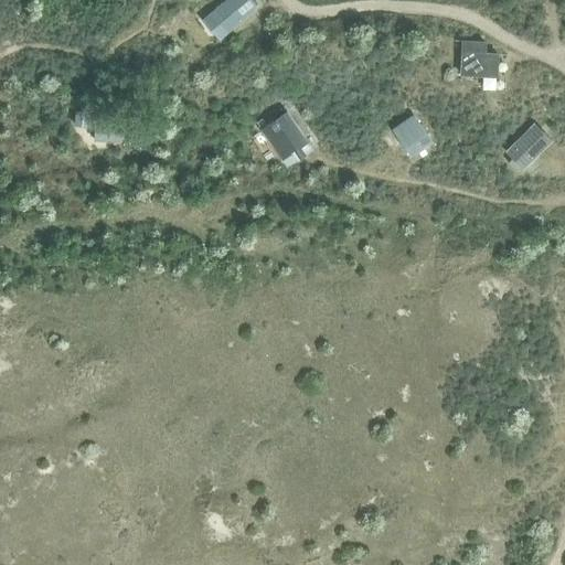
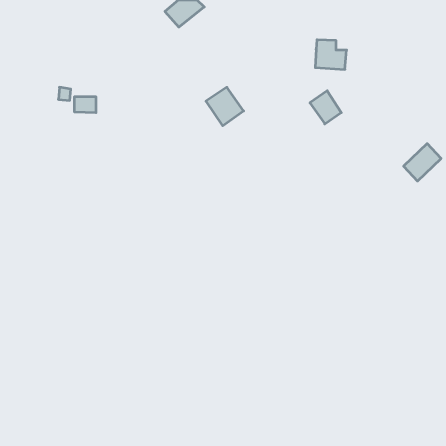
building: [459,40,499,77] -> [315,40,347,69]
building: [504,122,552,170] -> [404,144,441,181]

